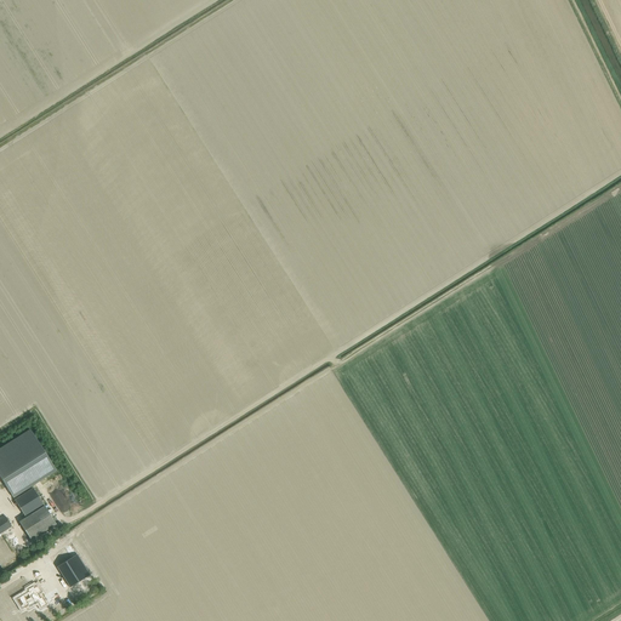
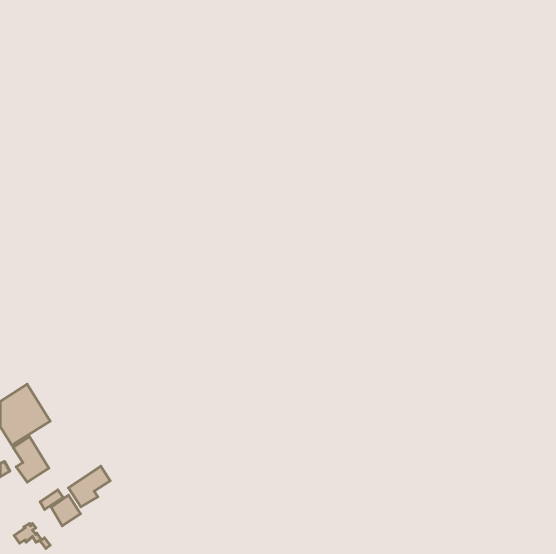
building: none -> [69,466,110,507]

